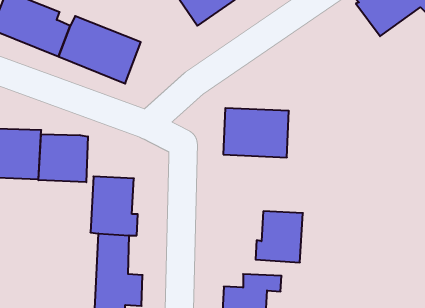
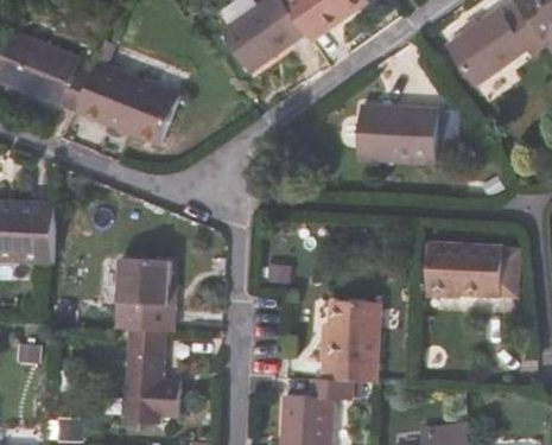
building: [223,108,289,157] -> [357,103,438,164]
building: [38,134,88,182] -> none
building: none -> [426,243,516,297]

